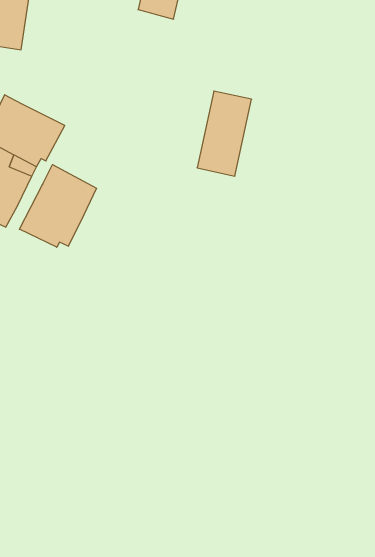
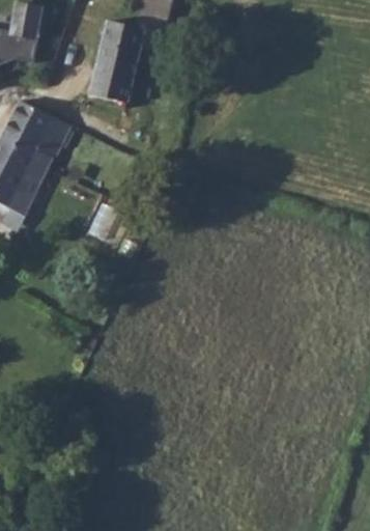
building: [197,91,252,176] -> [90,28,138,103]
building: [19,165,97,247] -> none

